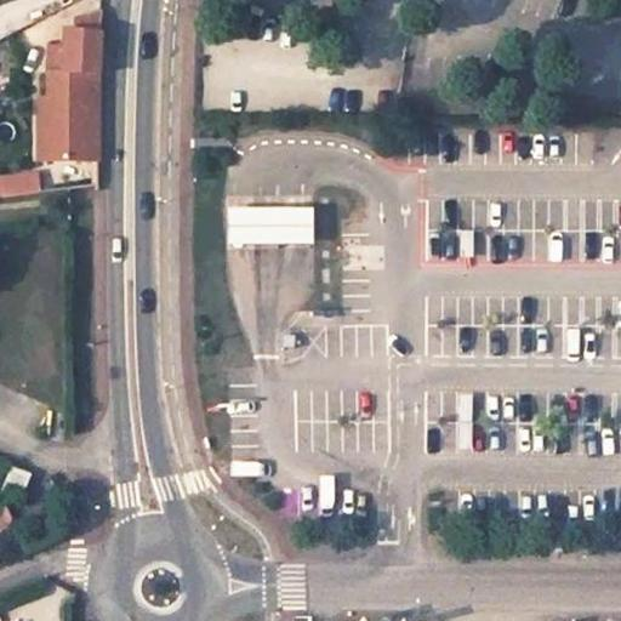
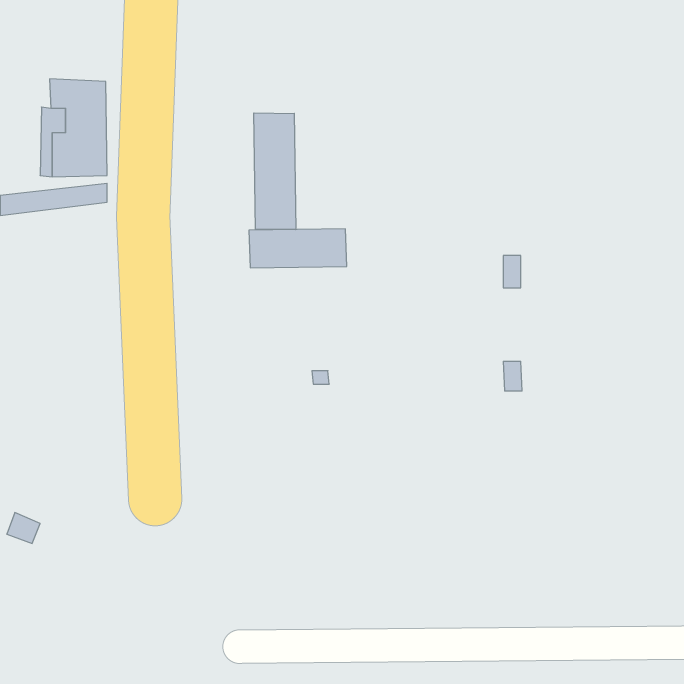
building: [45,10,101,74] -> none
building: none -> [254,113,296,230]

